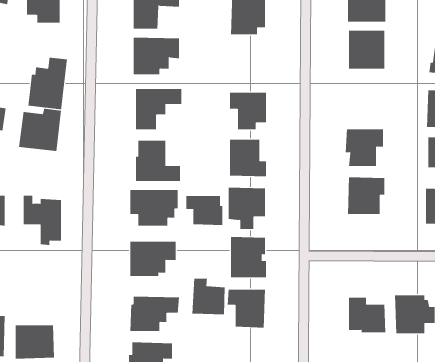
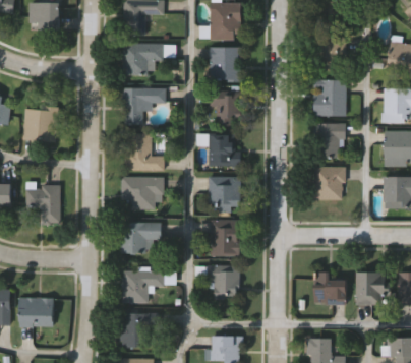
building: none -> [209,46,243,81]
building: [28,57,68,110] -> none
building: none -> [312,78,348,116]
building: [186,195,223,226] -> none
building: [192,278,225,315] -> none

